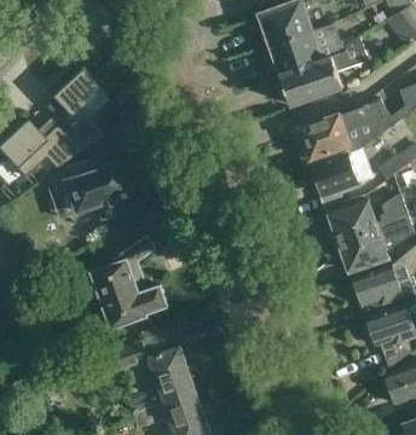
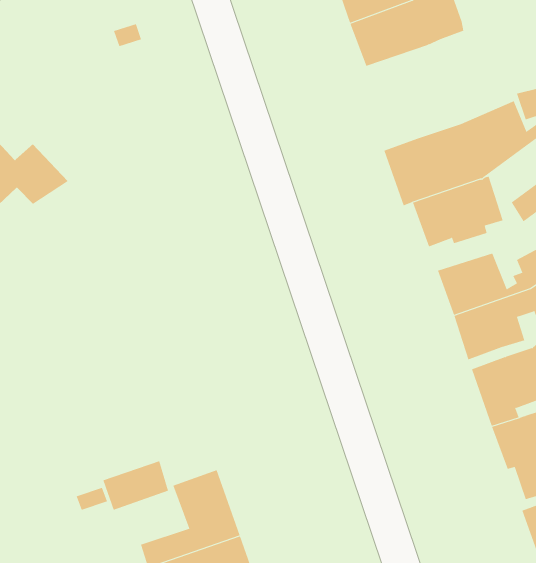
building: [281,36,366,106] -> none
building: [51,69,109,152] -> none
building: [48,157,135,221] -> none
building: [91,236,168,330] -> none

